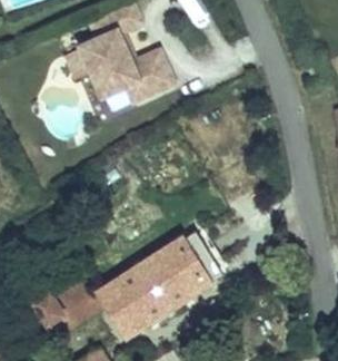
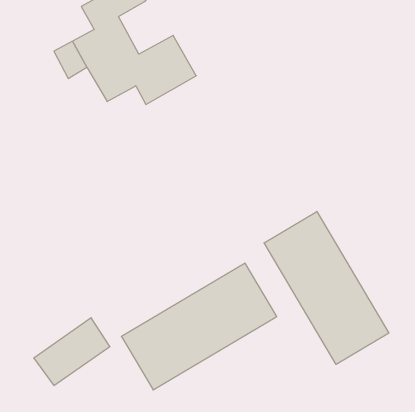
building: none -> [264,211,389,364]

